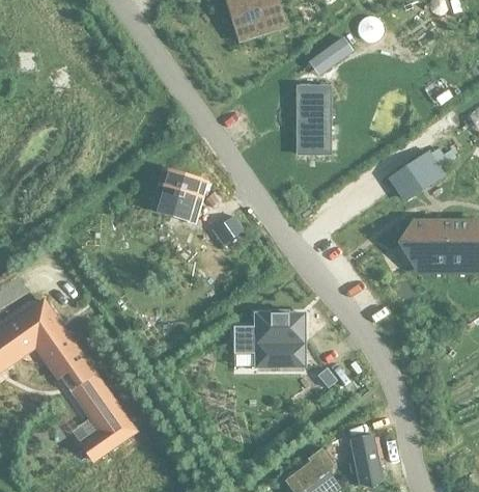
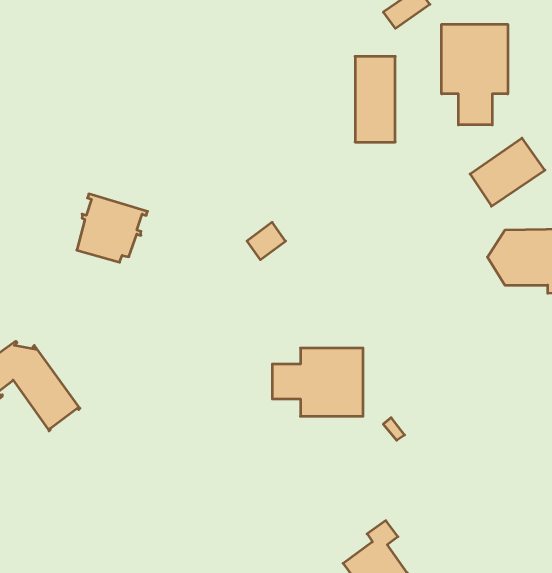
building: none -> [442,24,508,125]
building: [153,166,208,219] -> [77,194,148,262]
building: [72,375,134,460] -> none
building: [349,433,383,482] -> none

